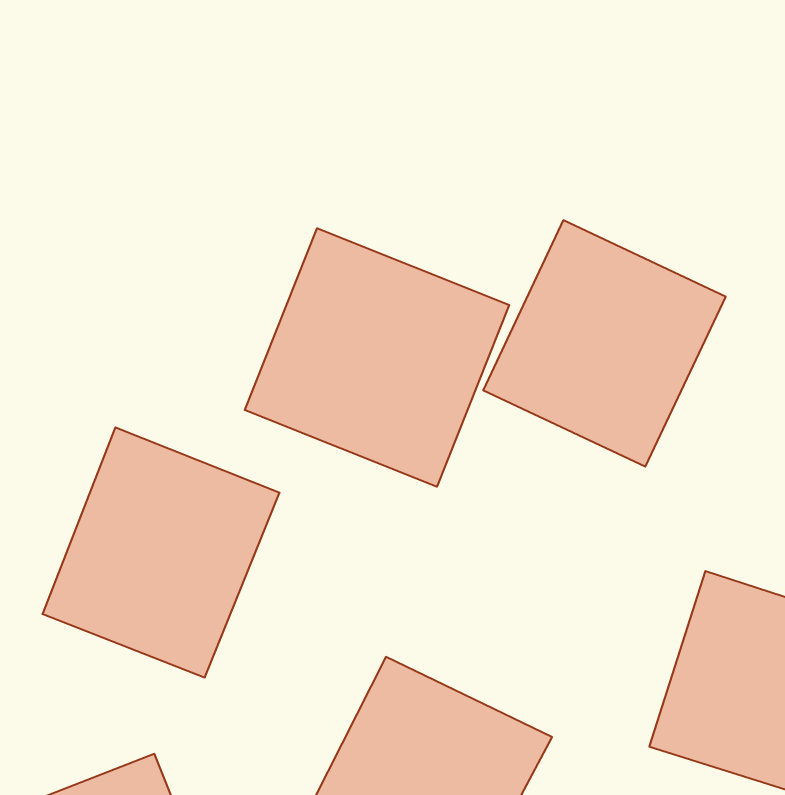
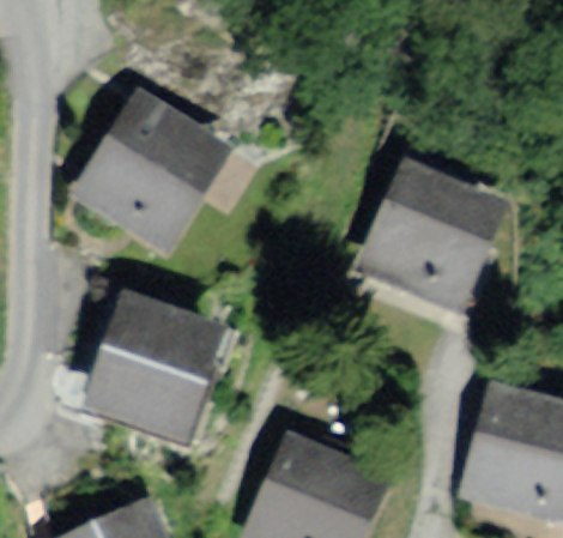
building: none -> [68,81,241,255]
building: [245,228,509,487] -> none

